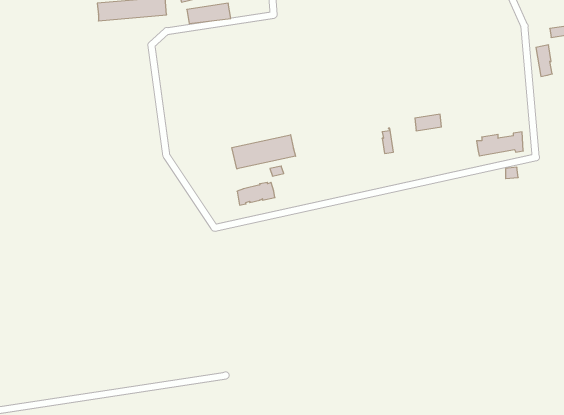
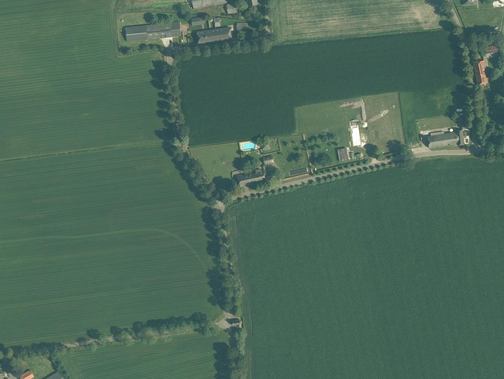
building: [232,135,296,169] -> none

